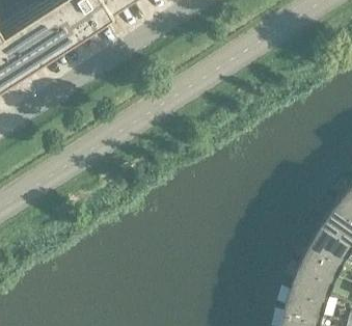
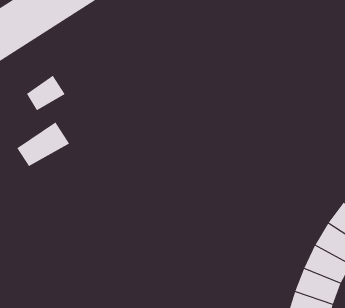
building: none -> [26,75,65,111]
building: none -> [17,122,70,167]

